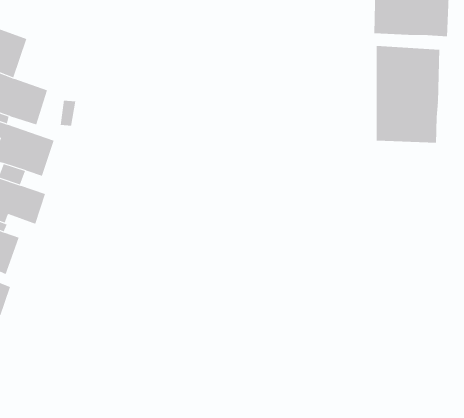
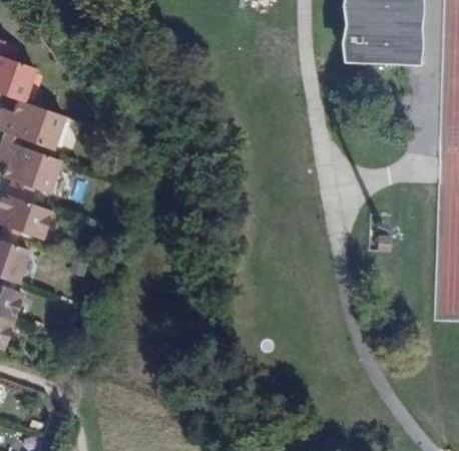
building: [376,45,440,143] -> none

